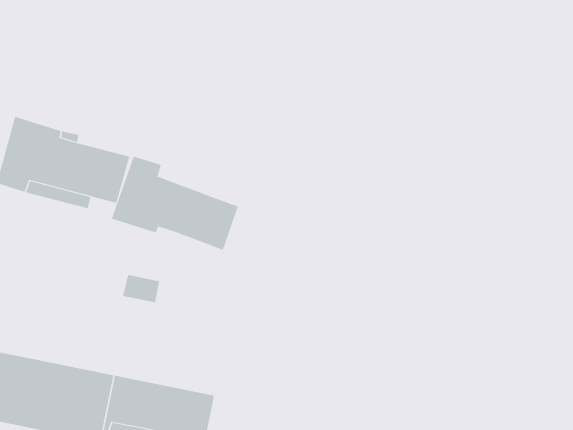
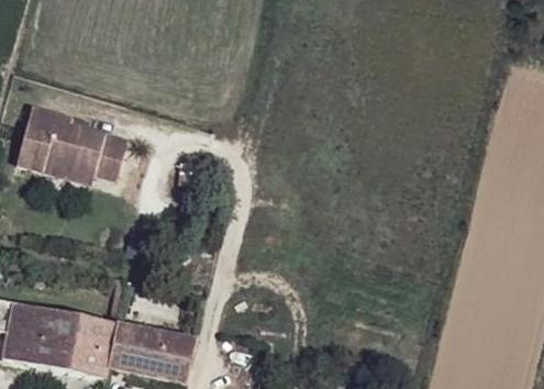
building: [111,156,239,250] -> none

